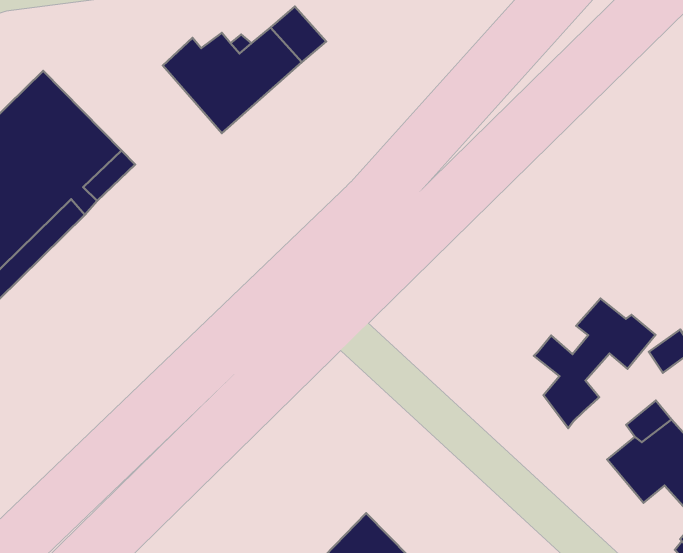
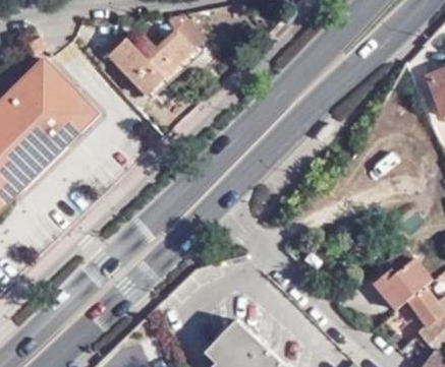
building: [534,299,655,428] -> none

